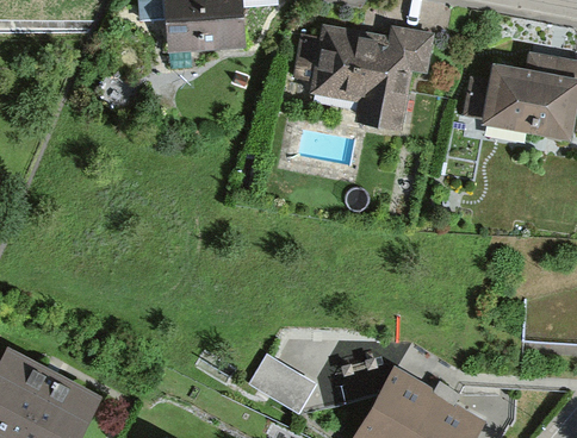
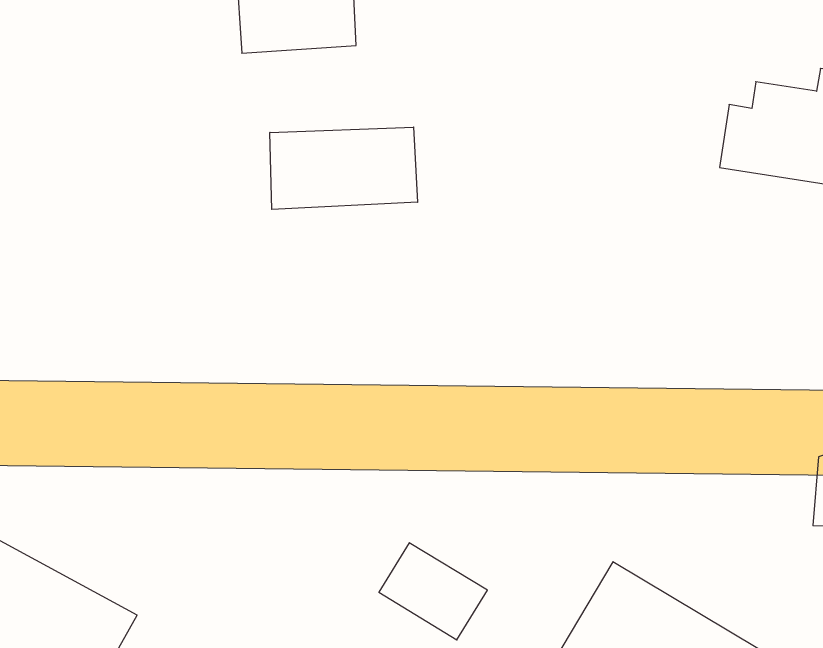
building: [314,29,428,127] -> none
building: none -> [270,127,418,209]

